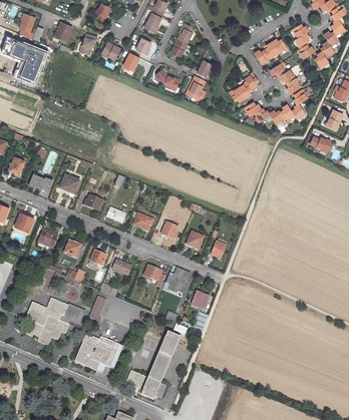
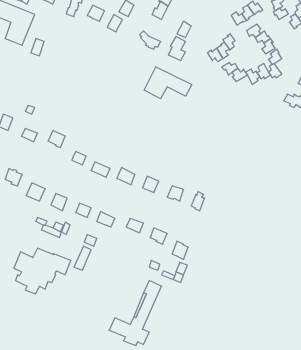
building: none -> [144,67,192,99]
building: [74,335,123,373] -> none

